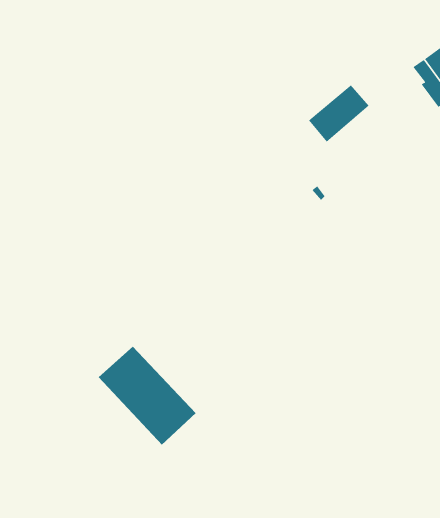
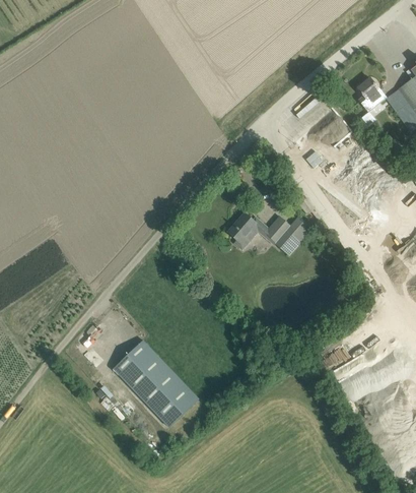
building: none -> [357,78,385,111]
building: none -> [228,213,313,255]

